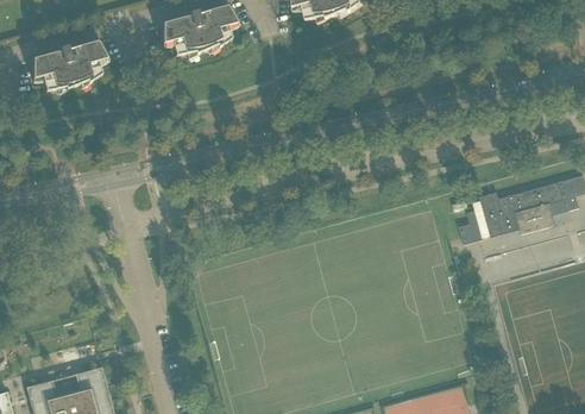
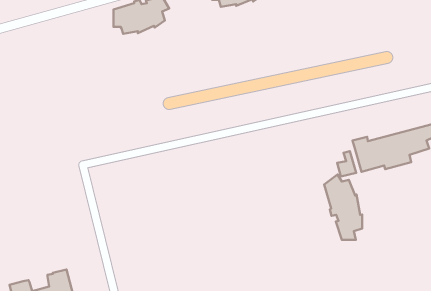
building: [32,40,106,89] -> none
building: none -> [324,174,362,240]

